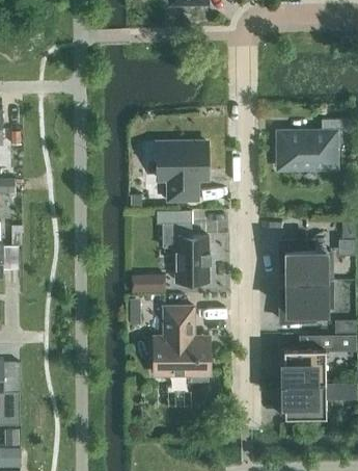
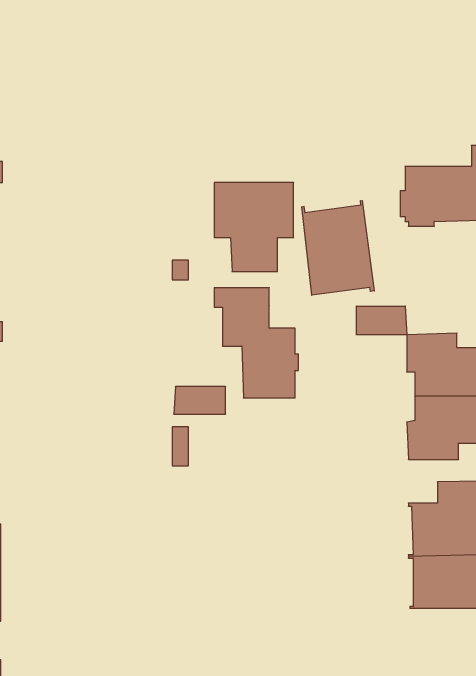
building: none -> [302,201,374,295]
building: none -> [356,306,407,335]
building: [154,308,210,383] -> none

